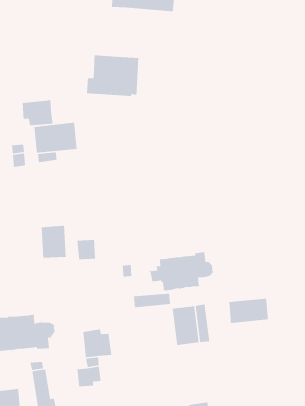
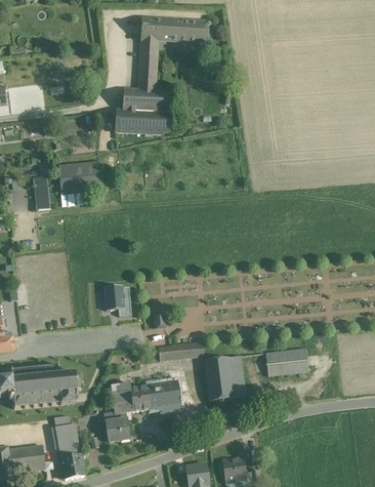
building: none -> [136,38,157,90]
building: [22,100,54,126] -> none
building: [41,225,67,259] -> none
building: [148,251,215,293] -> none
building: none -> [138,380,180,410]

